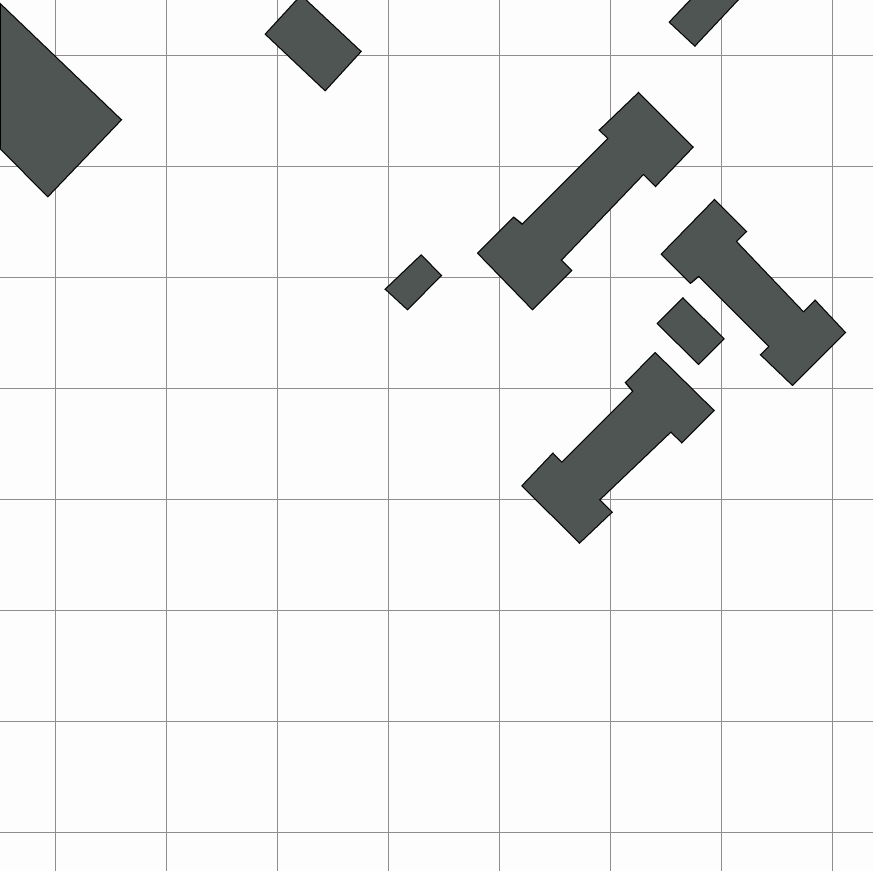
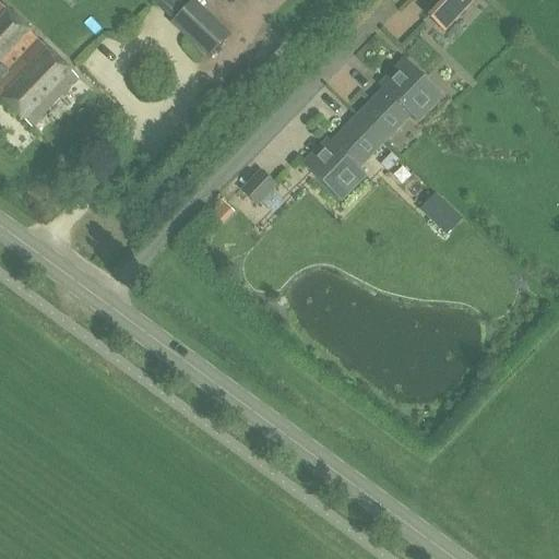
building: [661,199,846,385] -> none
building: [522,353,714,543] -> none

